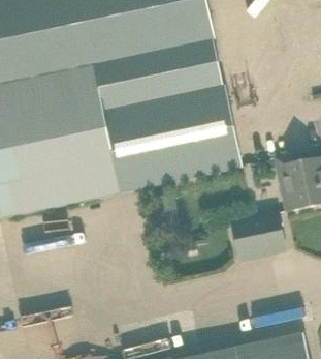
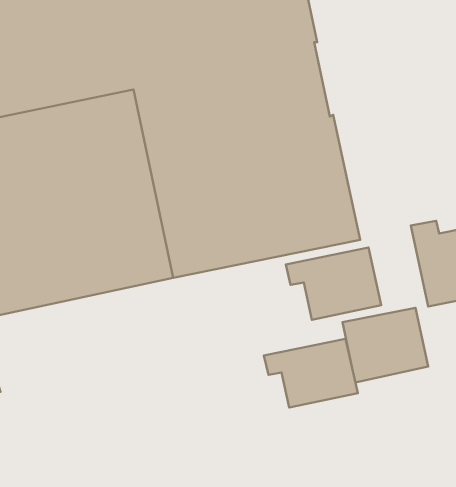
building: none -> [286,248,381,320]
building: none -> [264,339,358,408]

